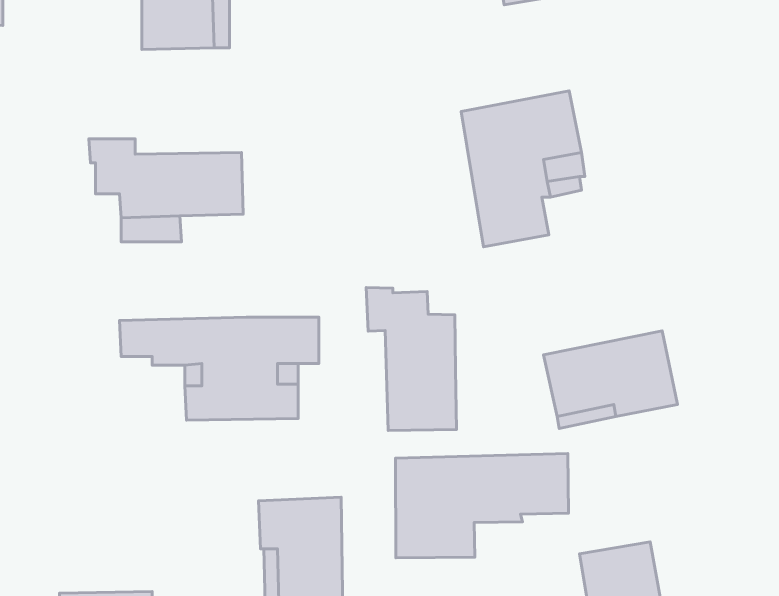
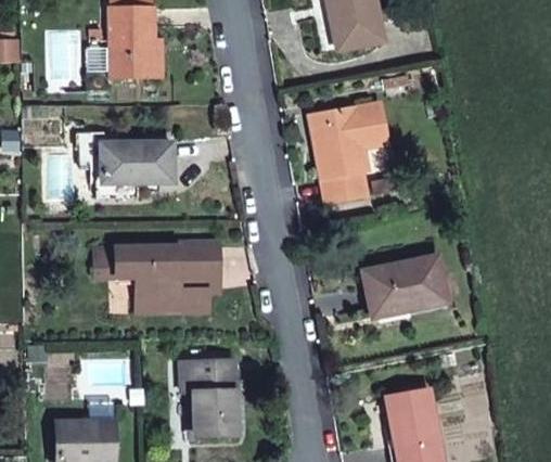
building: [366,287,457,430] -> none
building: [395,453,569,558] -> none

